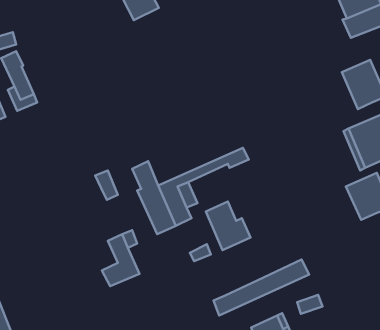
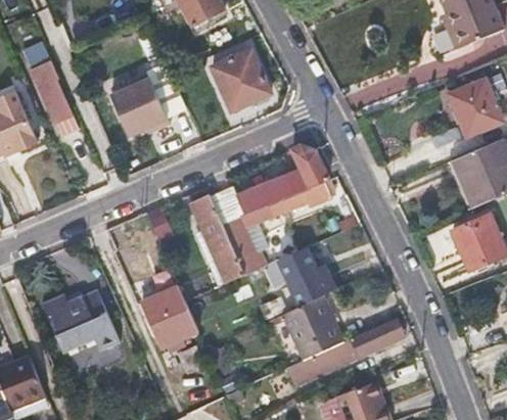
building: none -> [213,49,273,110]
building: none -> [110,78,170,135]
building: none -> [210,146,330,227]
building: none -> [40,290,114,346]
building: none -> [283,296,342,361]

